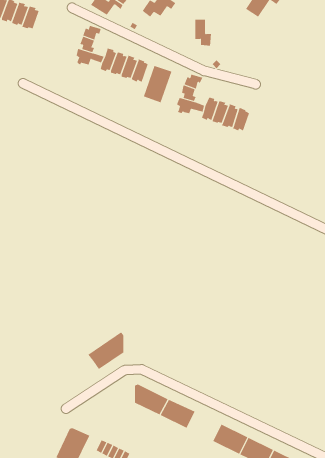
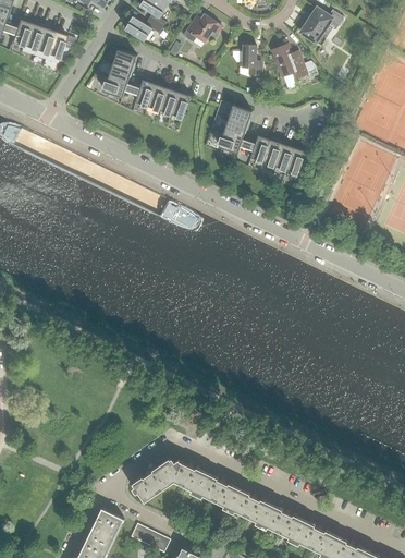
building: none -> [270,45,318,81]
building: [143,65,172,103] -> none
building: [88,331,124,370] -> [132,459,173,502]
building: none -> [233,493,272,526]

